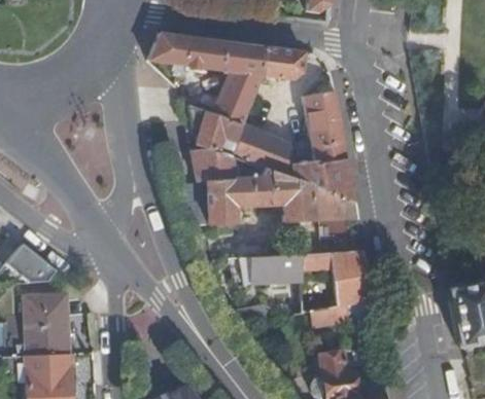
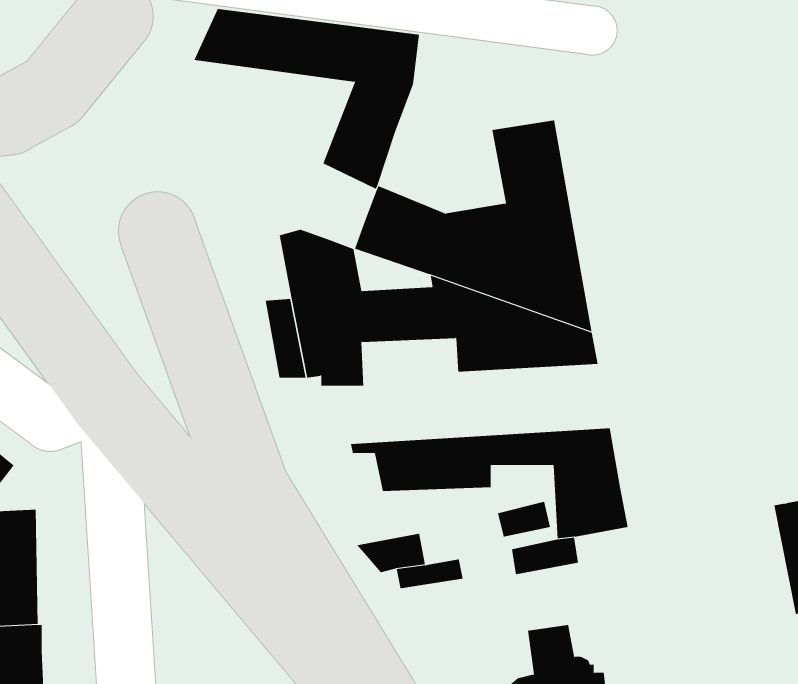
building: [254,46,313,98] -> none
building: [184,104,244,152] -> none

